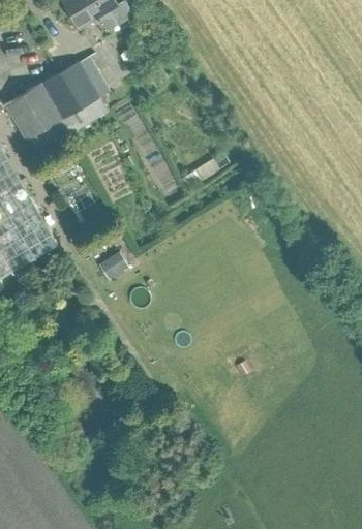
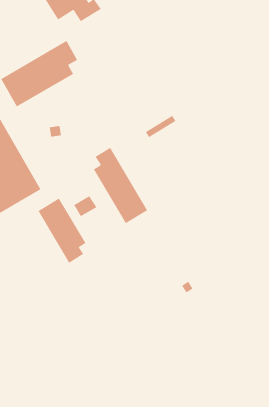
building: none -> [93,147,148,224]
building: none -> [37,198,87,264]

